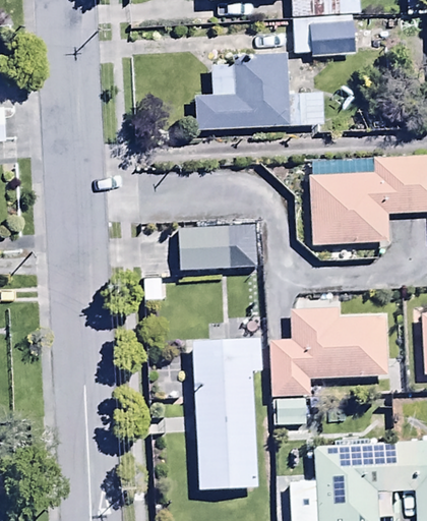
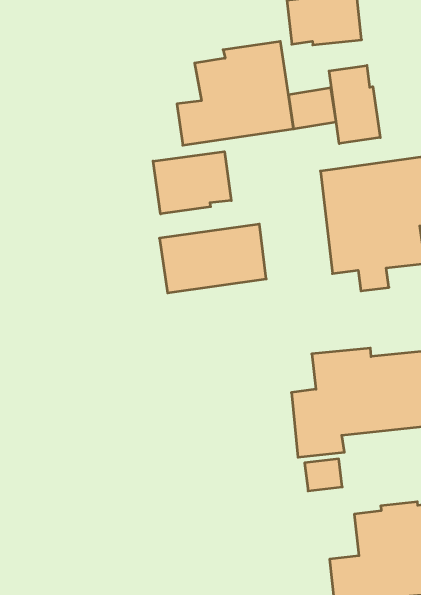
building: none -> [329,65,380,144]
building: none -> [153,152,231,214]
building: [190,310,261,472] -> none

